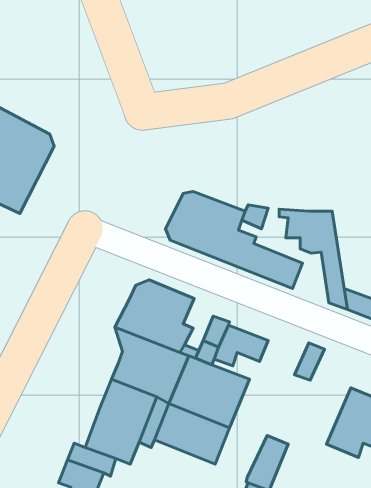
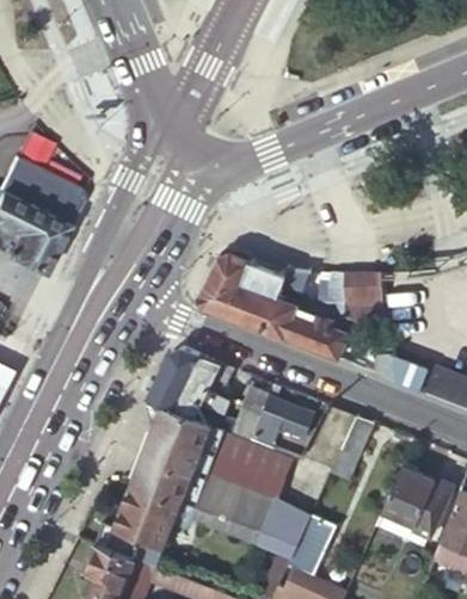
building: none -> [254,501,311,562]

